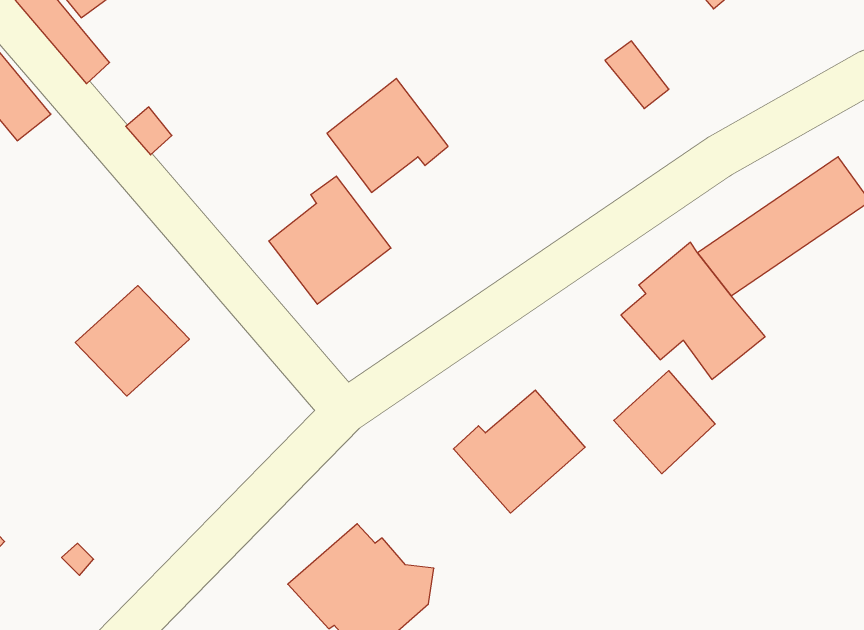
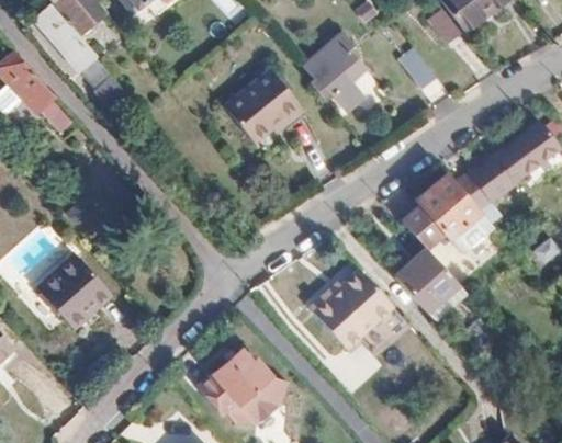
building: none -> [300,36,359,115]
building: [269,176,391,304] -> none
building: [75,286,189,396] -> [35,252,105,320]

